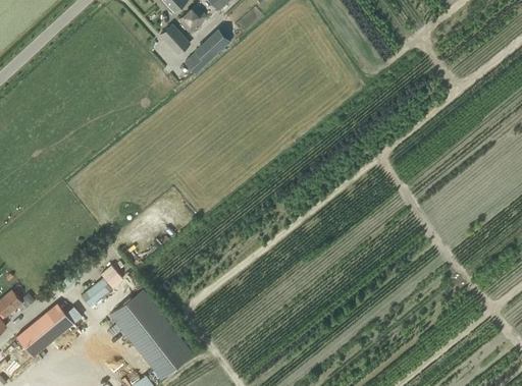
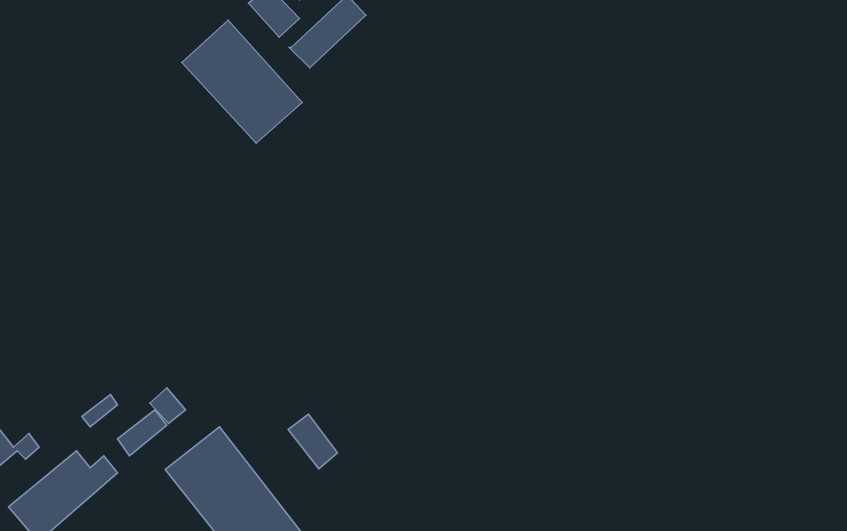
building: none -> [182,20,302,143]
building: none -> [288,414,338,469]

